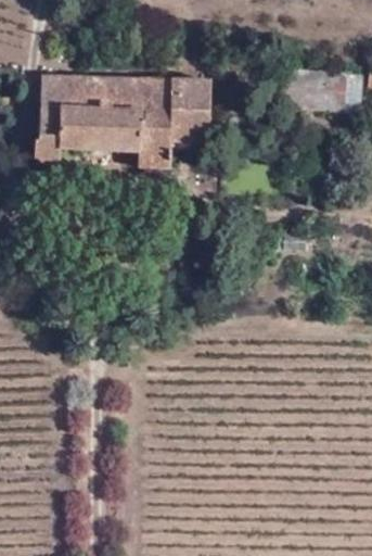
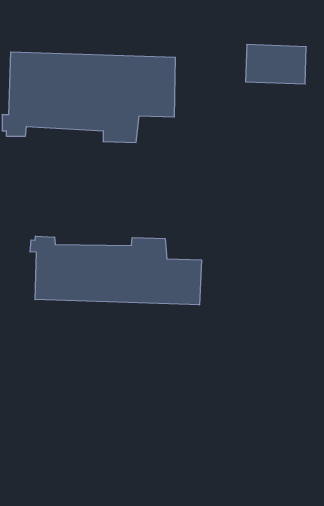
building: none -> [30,236,202,305]

